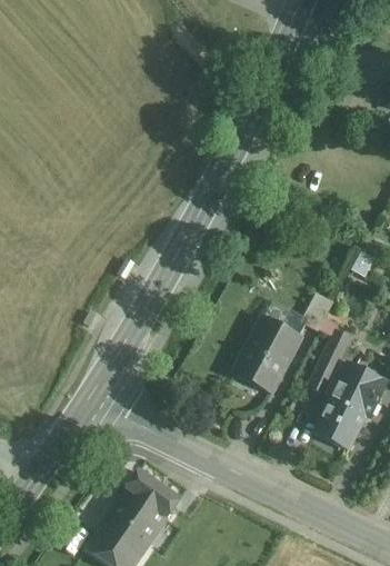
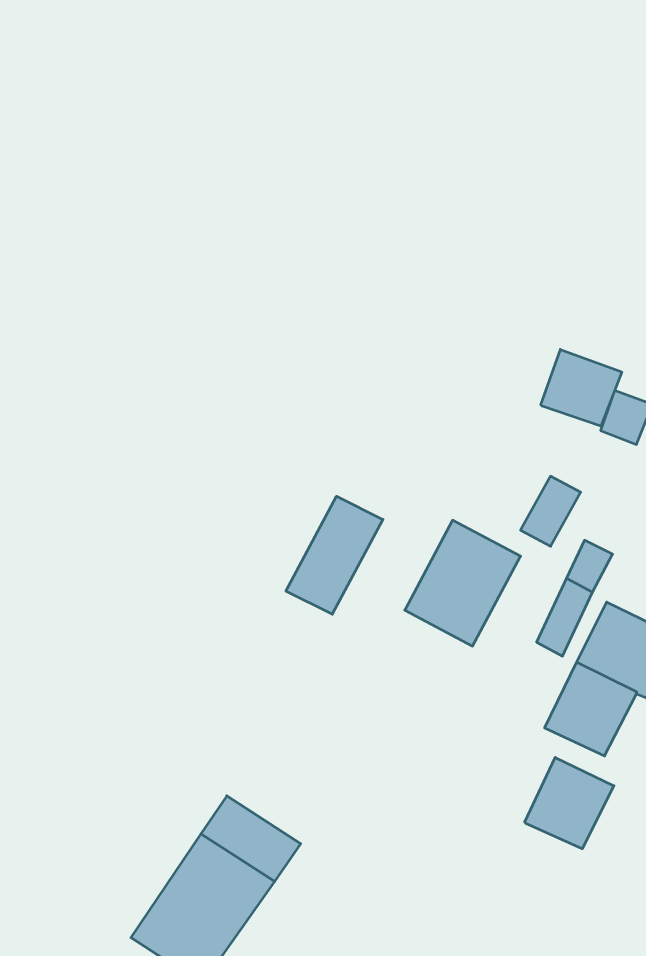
building: none -> [541,349,622,426]
building: none -> [286,496,383,614]
building: none -> [525,757,614,849]

